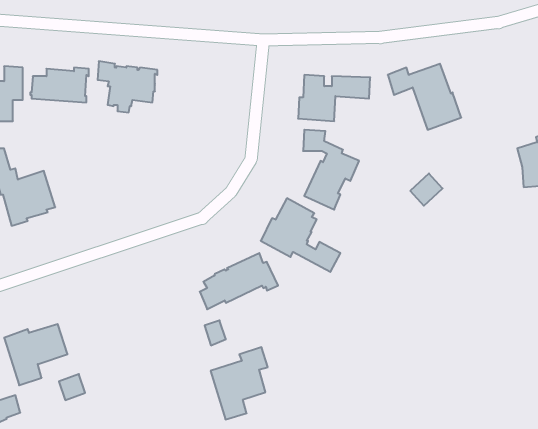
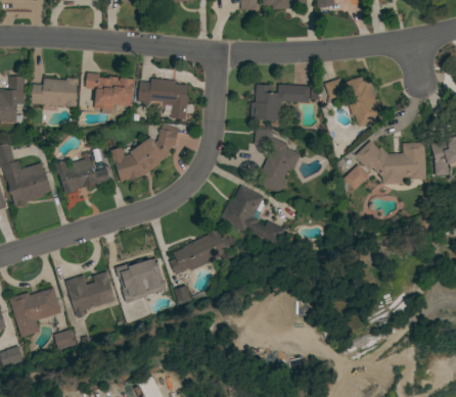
building: none -> [138,79,193,119]
building: none -> [110,126,179,183]
building: none -> [356,141,426,184]
building: none -> [55,156,111,194]
building: none -> [65,270,116,317]
building: [211,347,268,419] -> [116,250,163,309]

